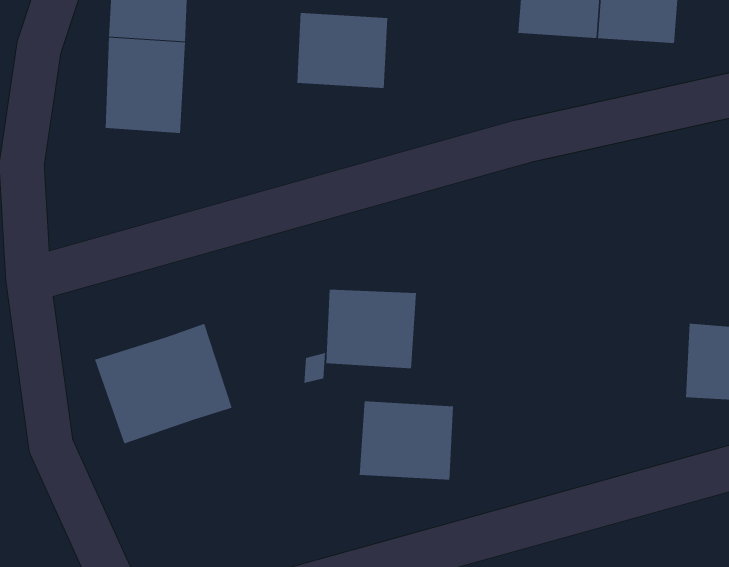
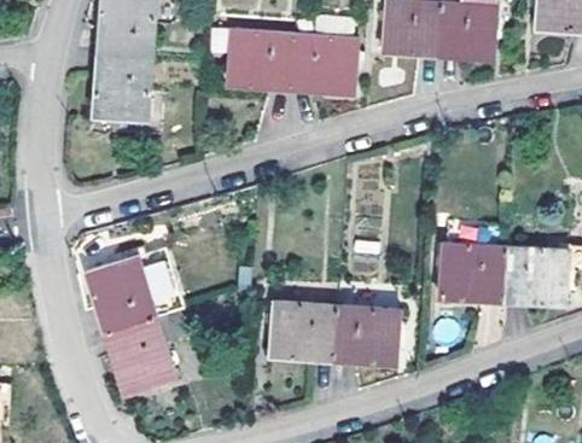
building: none -> [290,37,355,92]
building: [325,289,417,369] -> [336,309,400,365]
building: none -> [436,247,502,303]
building: none -> [107,311,188,395]

